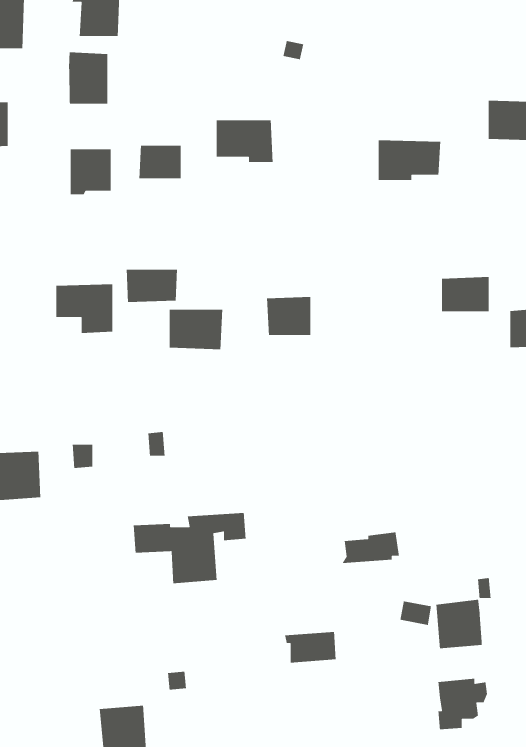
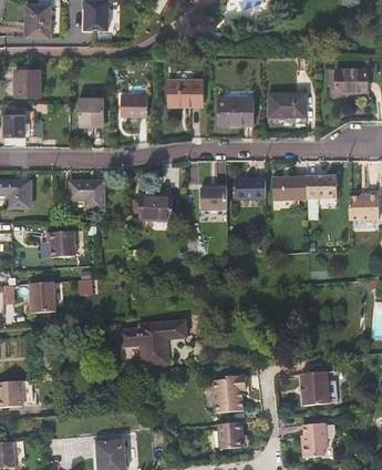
building: [68,51,108,105] -> none
building: none -> [217,95,254,124]
building: [126,269,178,303] -> none
building: none -> [272,176,307,200]
building: none -> [234,178,266,198]
building: none -> [48,231,76,257]
building: [342,531,400,564] -> [210,376,246,396]
building: none -> [217,421,242,449]

